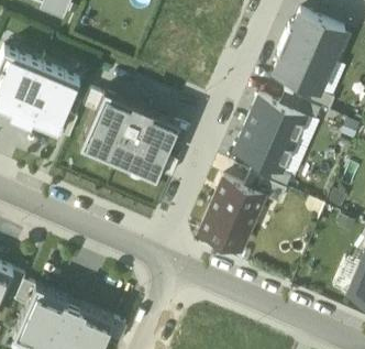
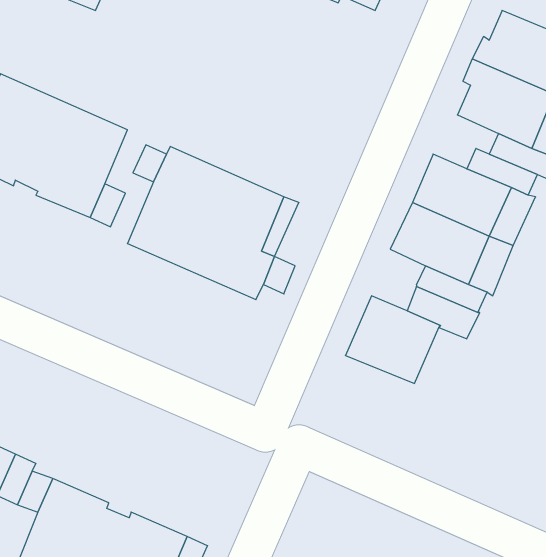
building: [200,214,248,250] -> none

